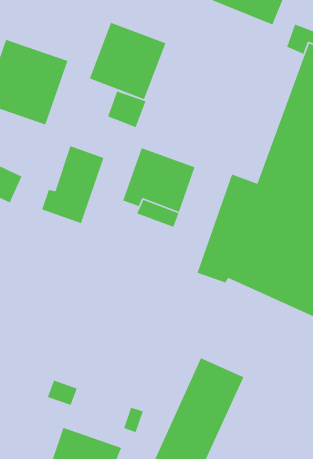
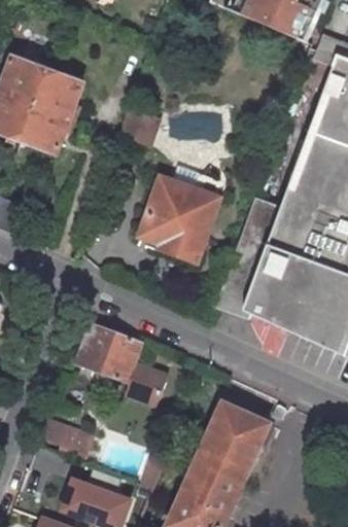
building: [89,22,166,100] -> none
building: [41,145,104,224] -> none
building: none -> [74,325,164,405]

